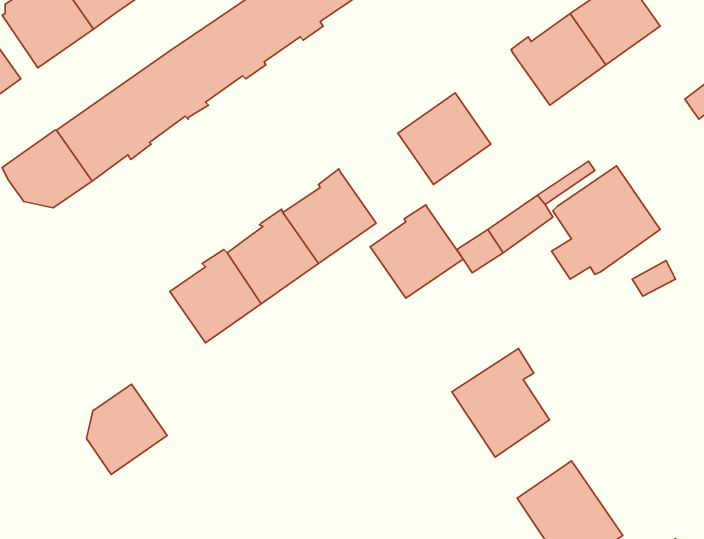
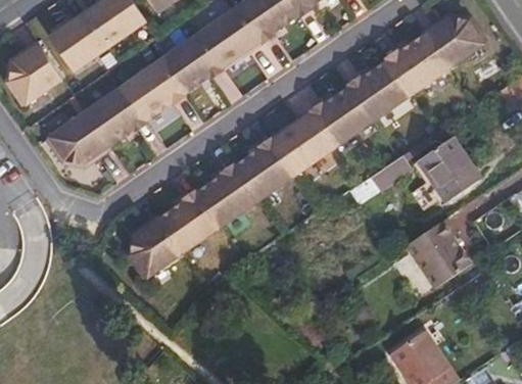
building: none -> [346,60,410,121]
building: [370,205,463,298] -> [272,111,333,173]
building: [452,348,549,457] -> [405,217,469,288]
building: [86,384,167,474] -> [130,218,183,277]

